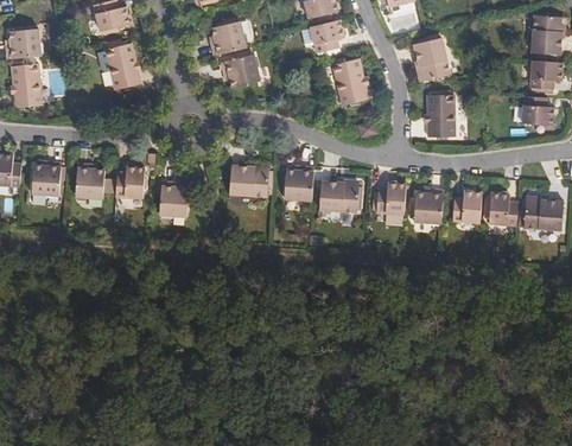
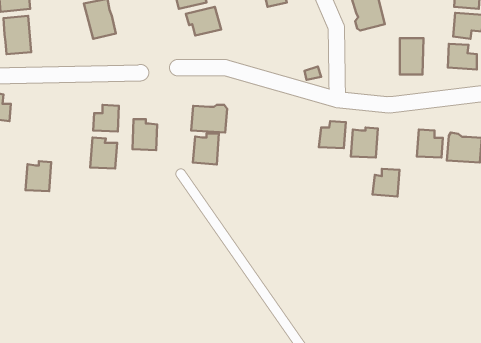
building: [332,58,368,104] -> none
building: [427,94,455,135] -> [400,38,424,74]
building: [32,160,62,195] -> [25,161,51,191]
building: [75,163,106,198] -> [90,138,117,169]
building: [284,167,313,203] -> [193,133,219,164]
building: [319,180,360,214] -> none
building: [451,192,482,224] -> [373,169,399,197]

